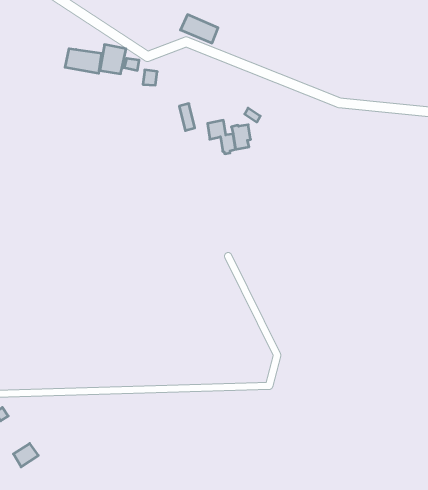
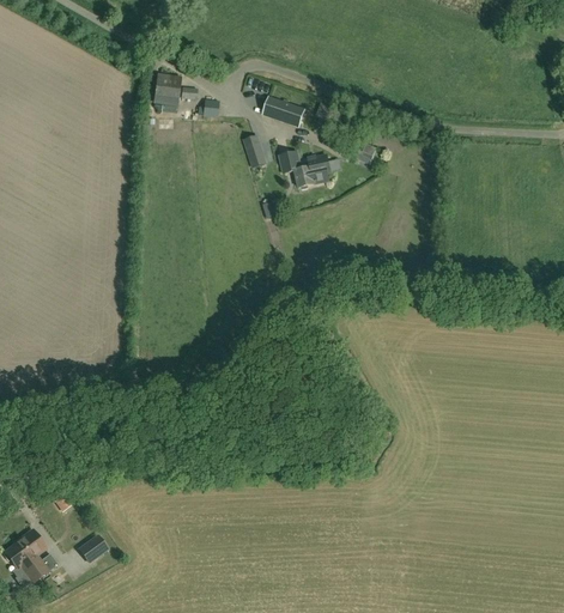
building: [180,15,218,43] -> [262,97,305,128]
building: [65,49,102,73] -> none

